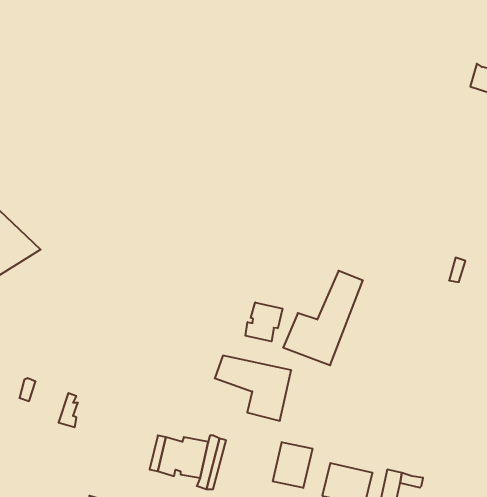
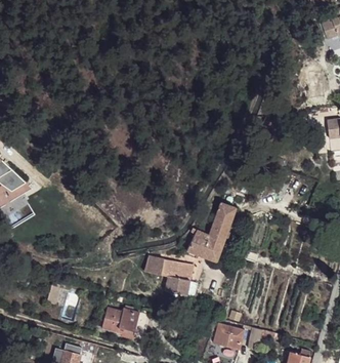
building: [245,302,283,341] -> none
building: [273,442,312,488] -> none

